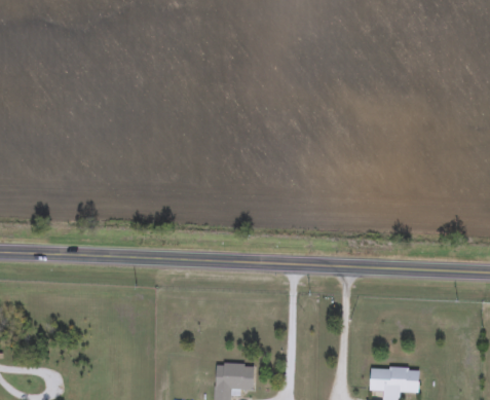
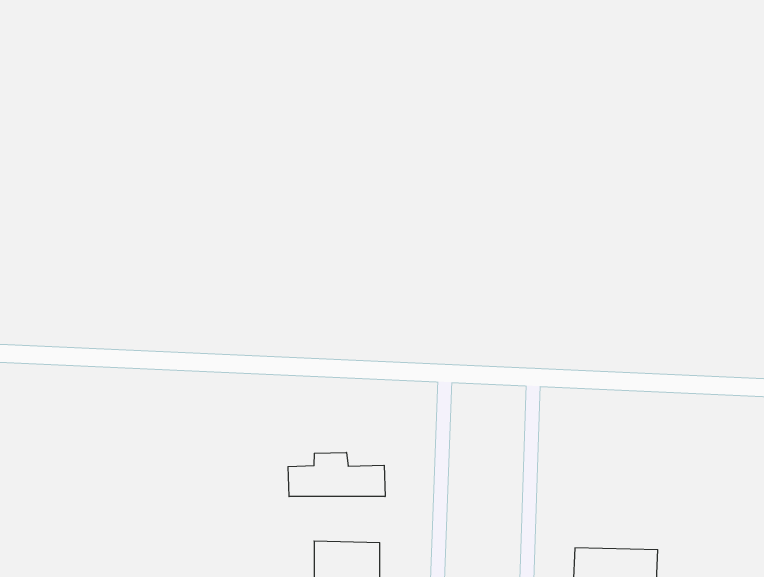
building: none -> [288,452,385,497]

